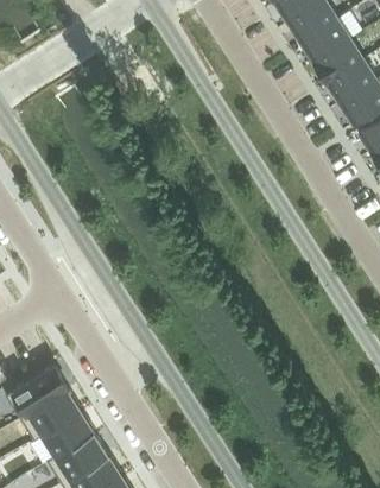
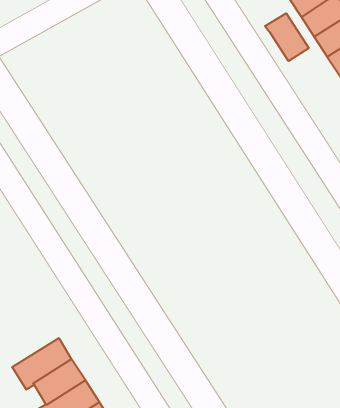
building: none -> [265,13,309,61]
building: [12,365,68,413] -> none

